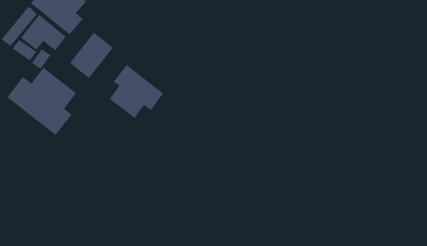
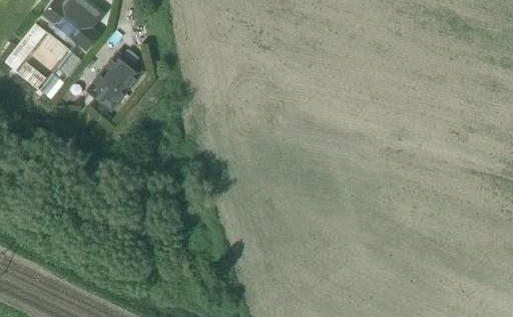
building: [109,64,164,119] -> none
building: [7,67,77,136] -> none

